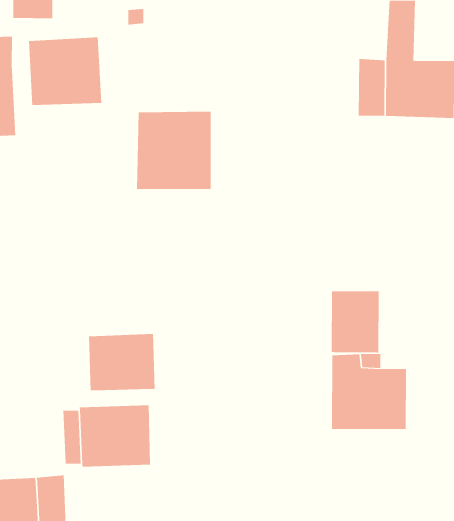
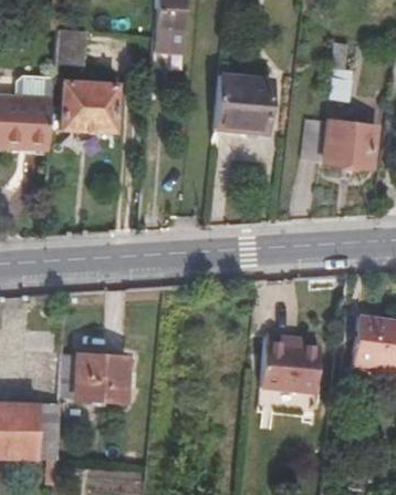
building: [136,111,212,190] -> [211,73,272,135]
building: [331,290,379,353] -> none
building: [88,333,155,391] -> none

